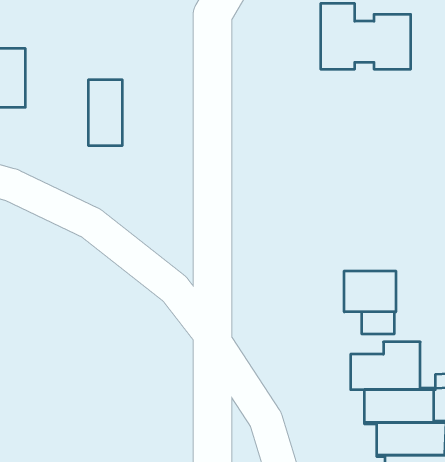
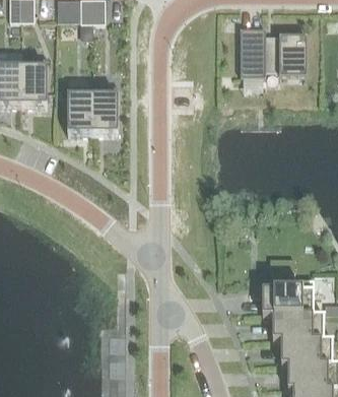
building: none -> [20,59,47,109]
building: none -> [92,87,118,136]
building: [344,271,396,312] -> none

